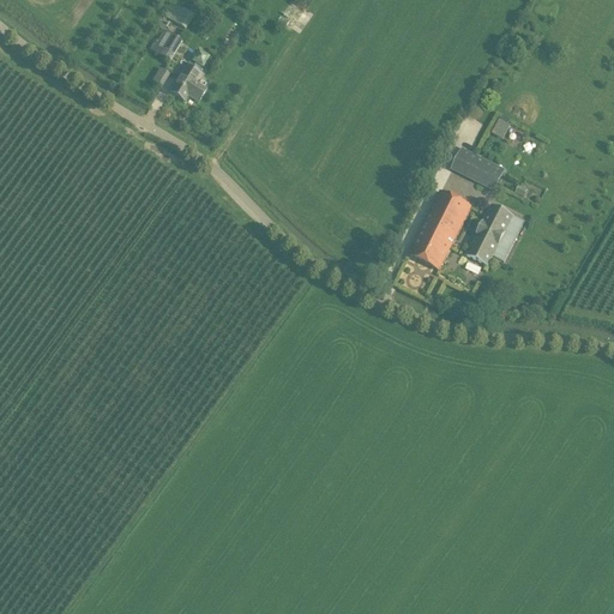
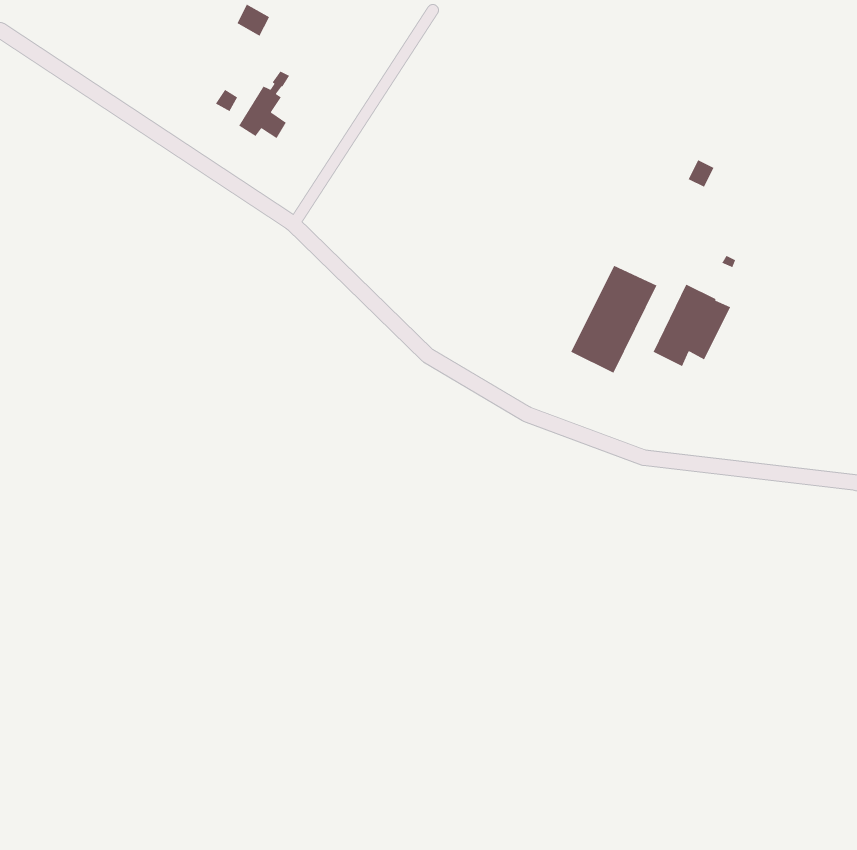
building: [151,28,182,59] -> none
building: [450,145,504,188] -> none

